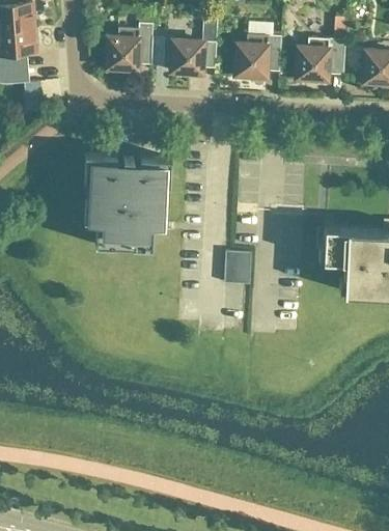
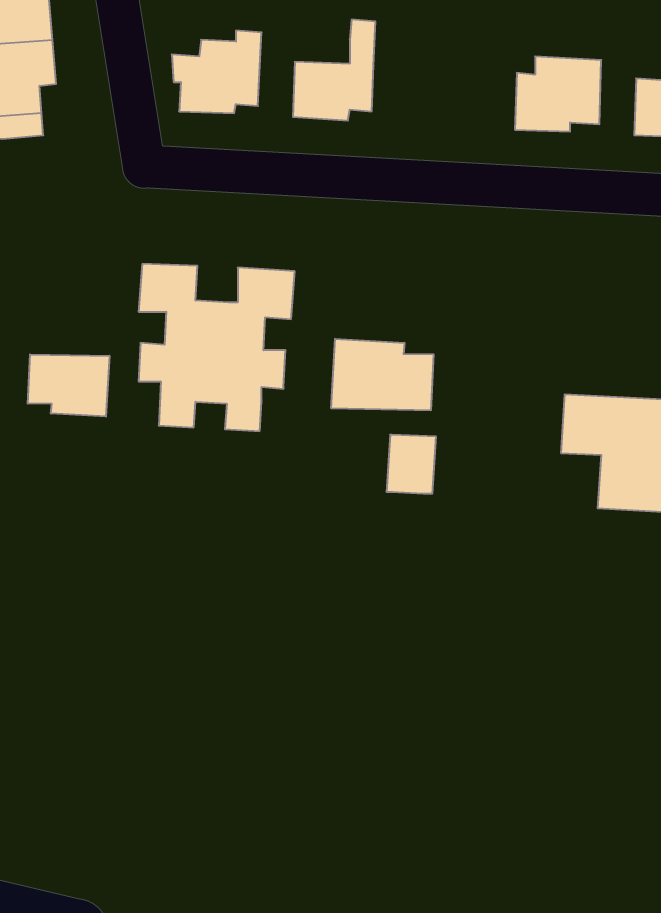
building: [234,34,281,77] -> none
building: none -> [331,339,434,410]
building: none -> [28,354,109,417]

